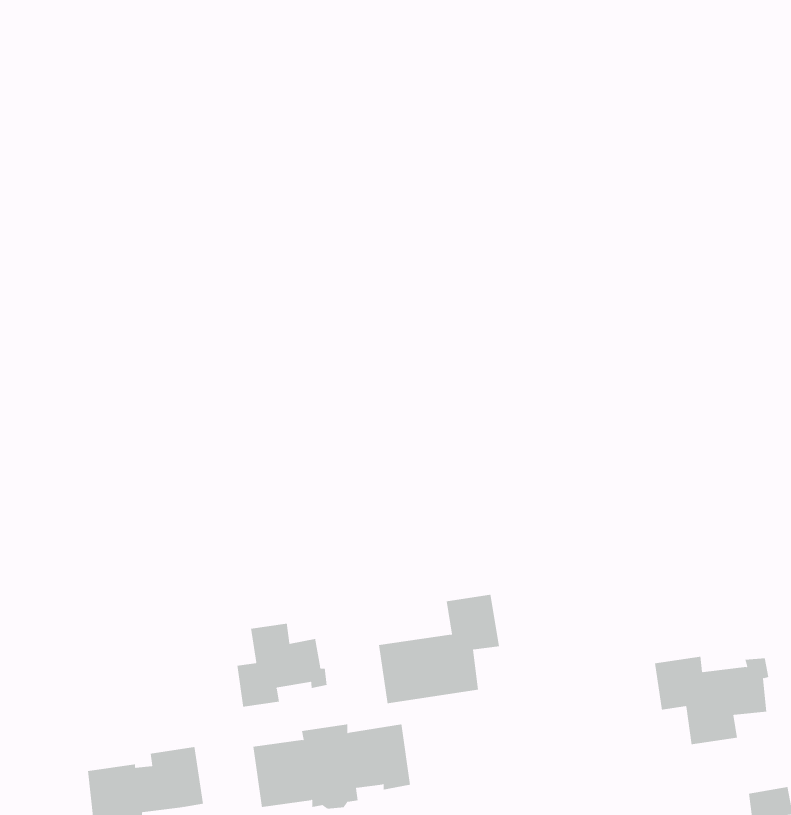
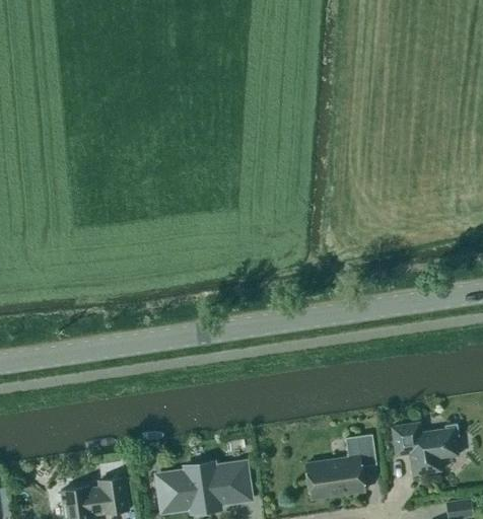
building: [378,594,500,704] -> [305,435,376,499]
building: [237,623,327,708] -> none

